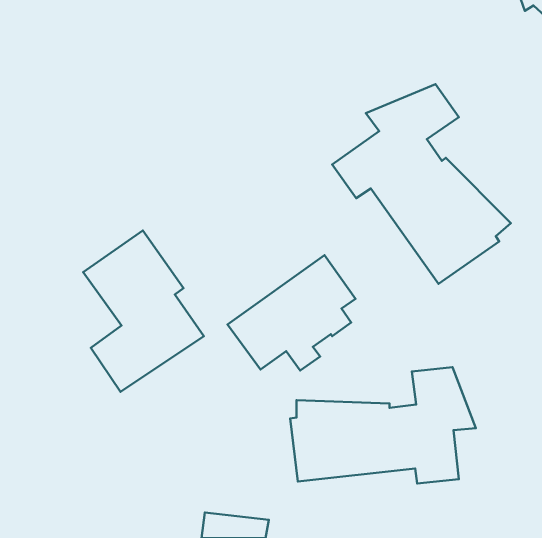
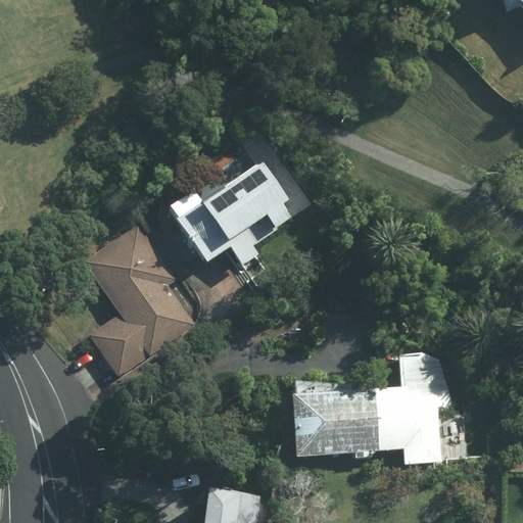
building: [332,84,511,284] -> none
building: [227,255,355,370] -> [171,156,293,267]

